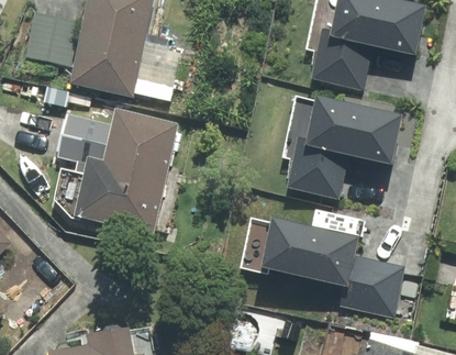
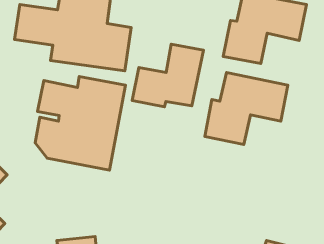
building: none -> [132,44,203,107]
building: [260,224,404,315] -> none

